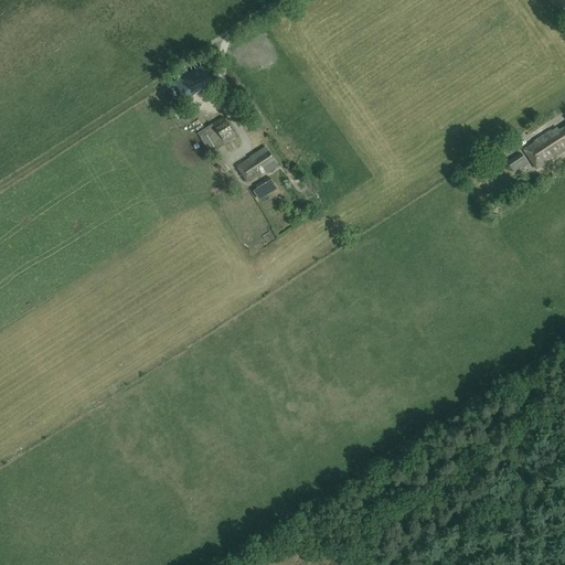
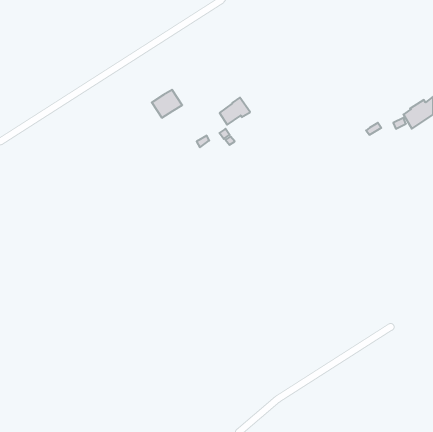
building: [238,147,278,182] -> [220,98,250,125]

